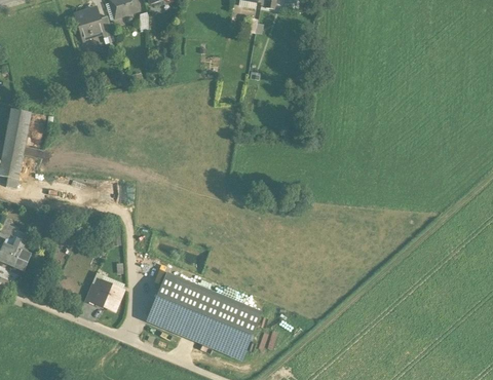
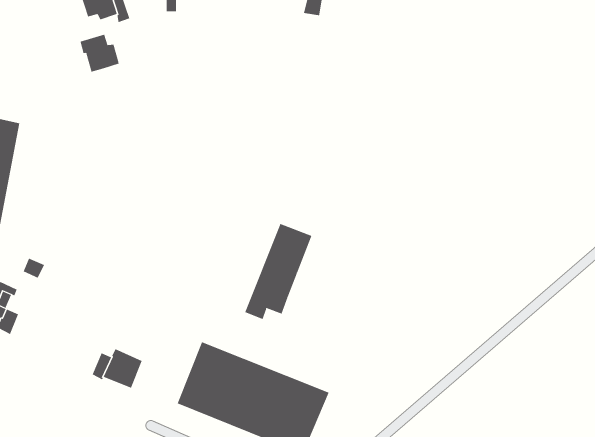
building: none -> [80,34,120,72]
building: none -> [245,223,312,320]

